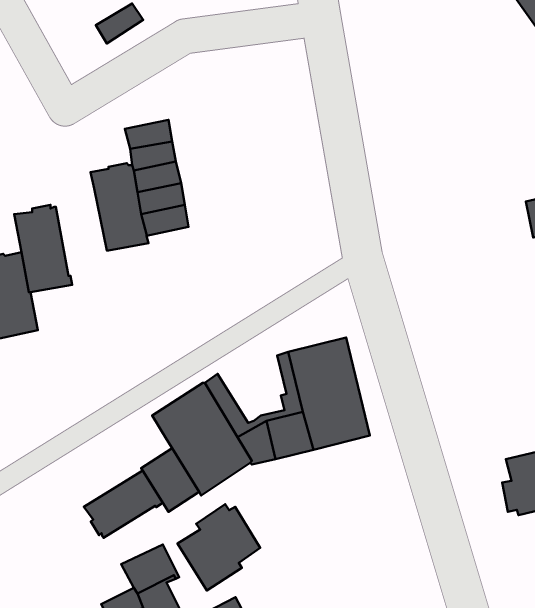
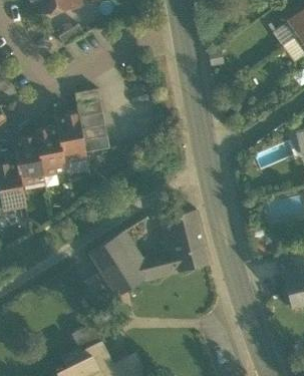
building: none -> [34,127,66,175]
building: [84,471,163,538] -> none
building: [178,504,260,590] -> none

